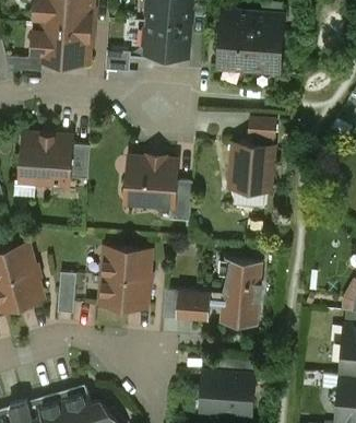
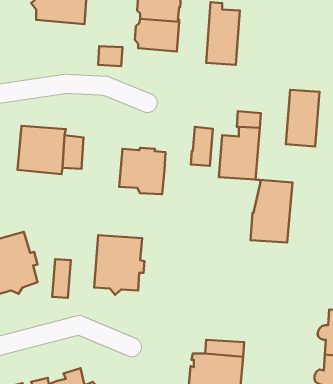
building: [248,14,283,73] -> [286,90,319,146]
building: [33,24,91,63] -> none
building: [169,180,192,221] -> [191,127,213,166]
building: [219,259,263,325] -> [250,179,292,242]
building: [163,290,211,321] -> none

